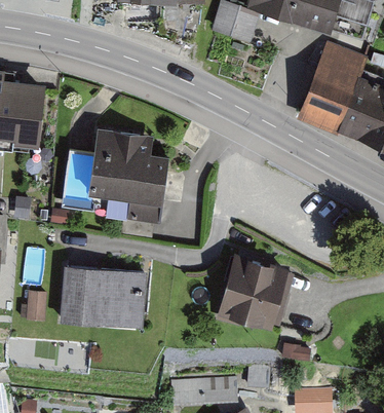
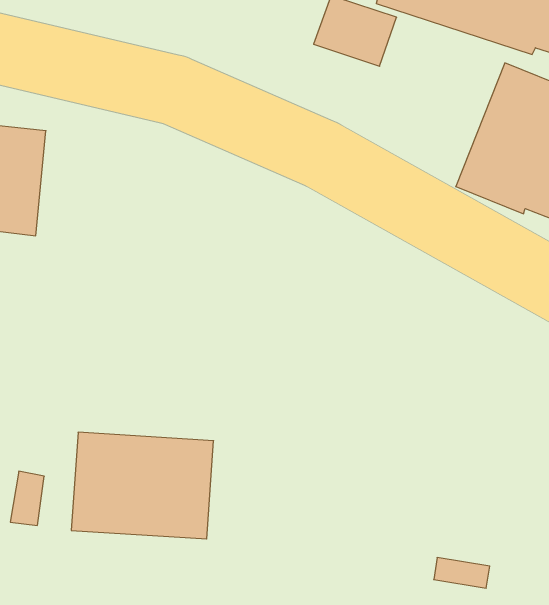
building: [89,128,167,222] -> none
building: [220,255,292,332] -> none

